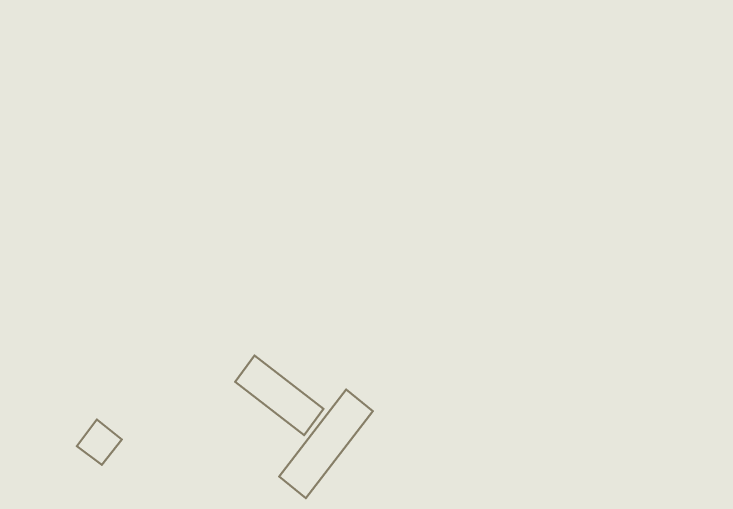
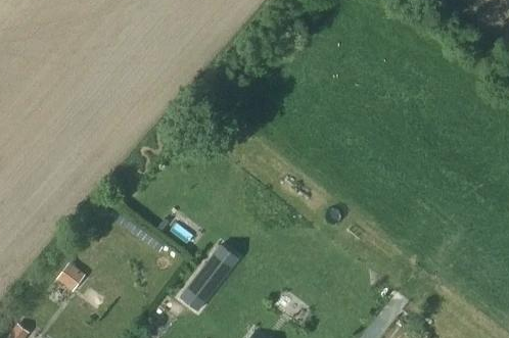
building: [235,356,324,435] -> none

